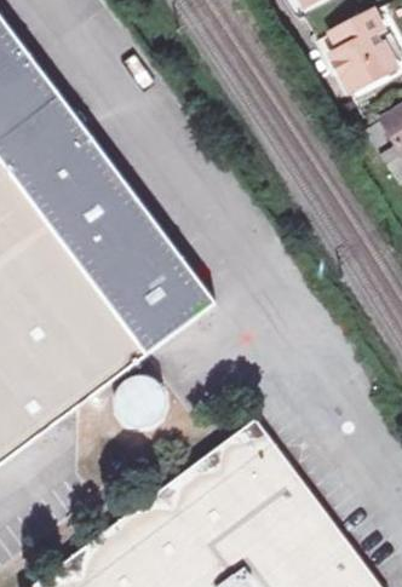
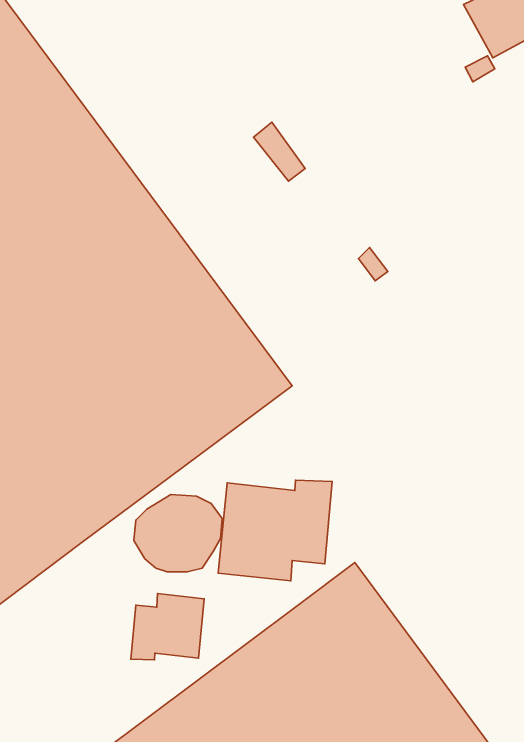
building: none -> [218,480,332,581]
building: none -> [131,594,204,660]

